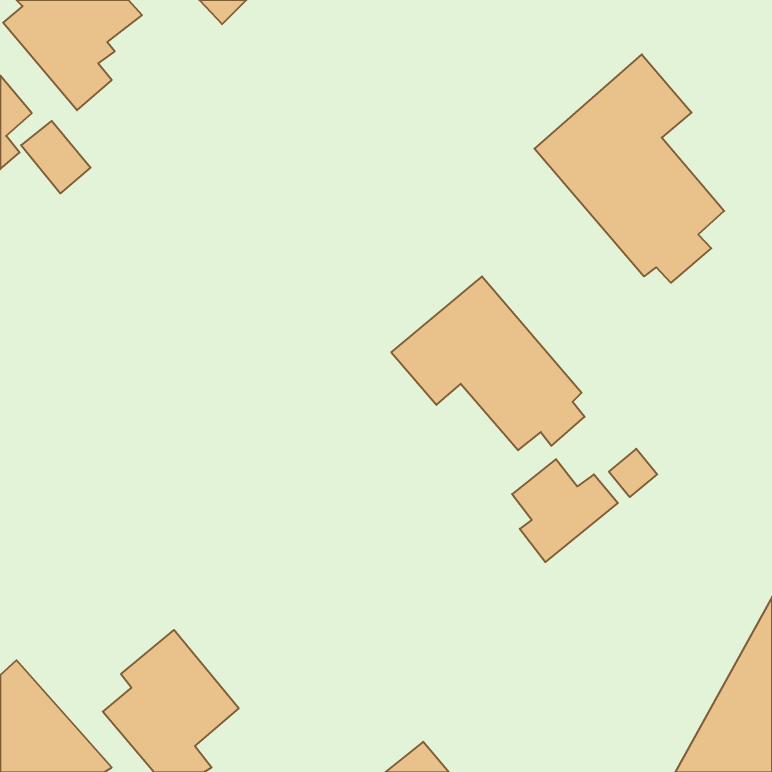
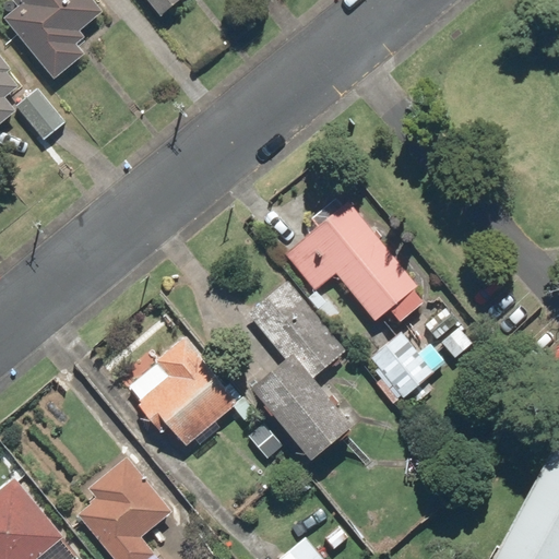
building: [534,54,724,283] -> none
building: none -> [247,280,354,464]
building: none -> [132,334,240,449]

